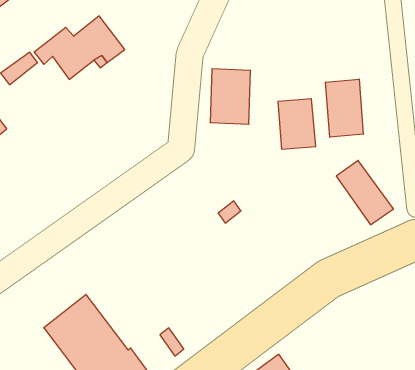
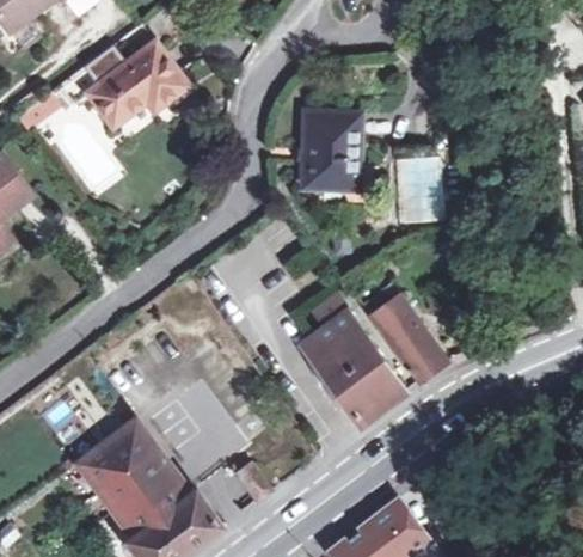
building: [326,79,363,137] -> none
building: [336,160,393,225] -> [368,295,446,382]
building: none -> [301,312,405,426]

